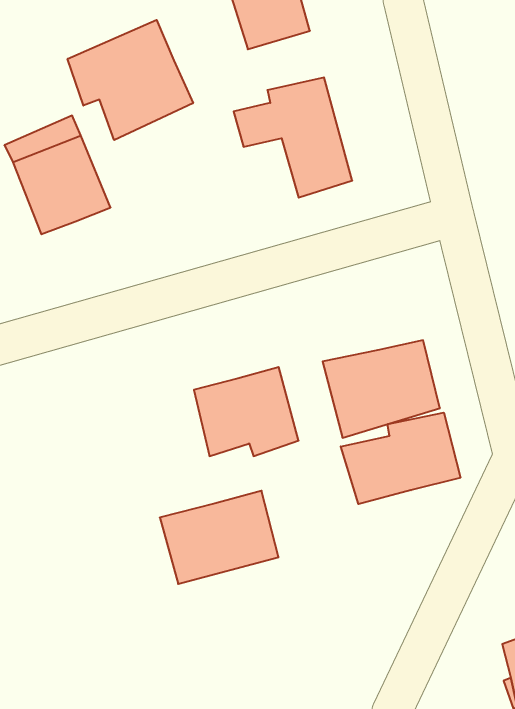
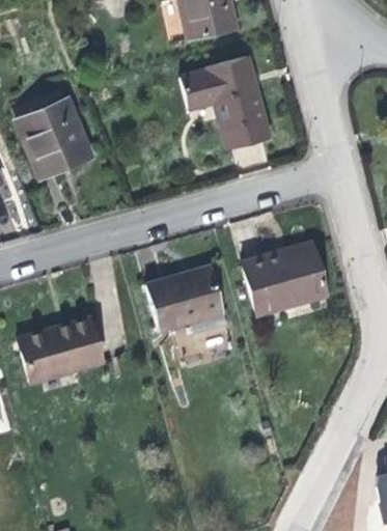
building: [68,20,193,140] -> none
building: [341,413,460,504] -> none
building: [160,491,279,584] -> [15,315,102,384]

